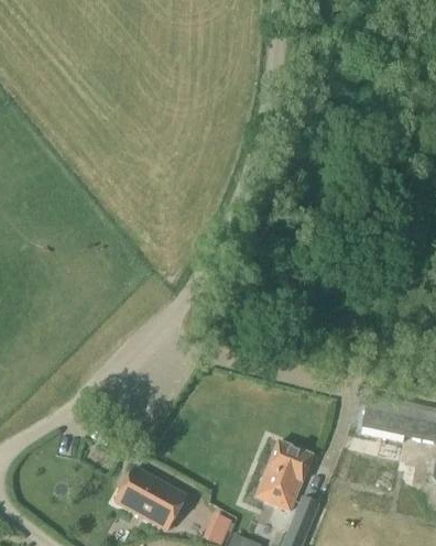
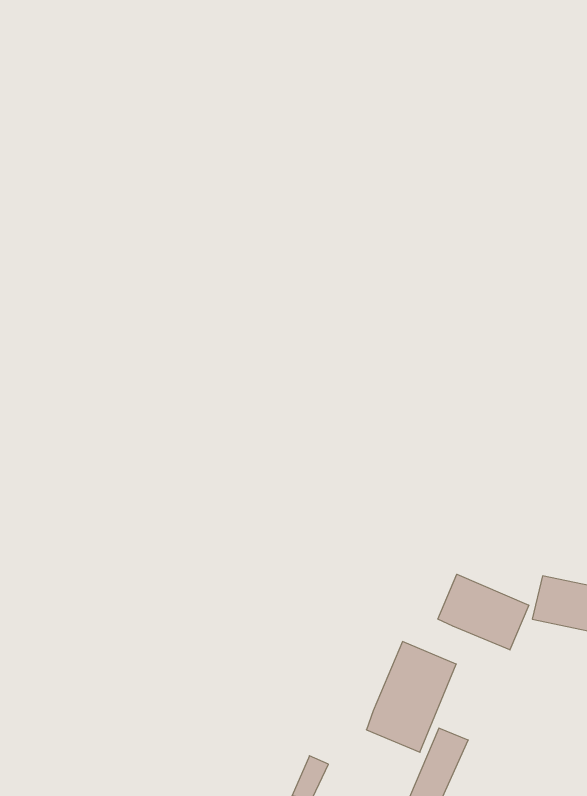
building: none -> [438,574,529,650]
building: [117,466,186,528] -> none

